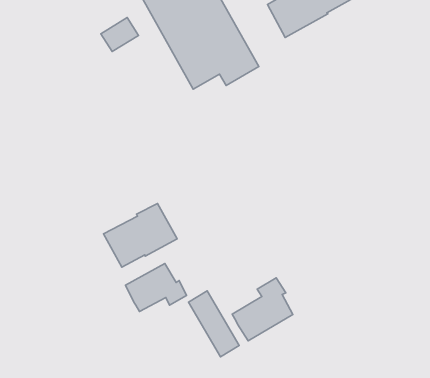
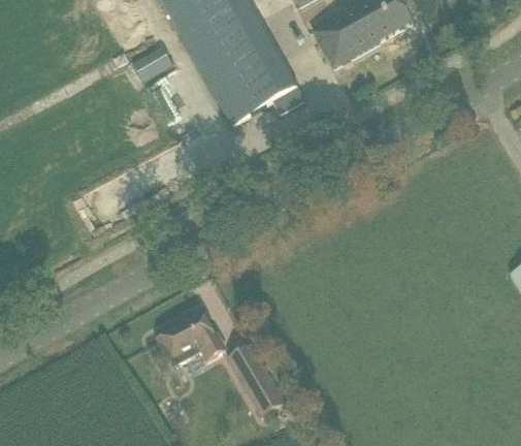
building: [104,204,177,267] -> none
building: [232,278,293,341] -> none

